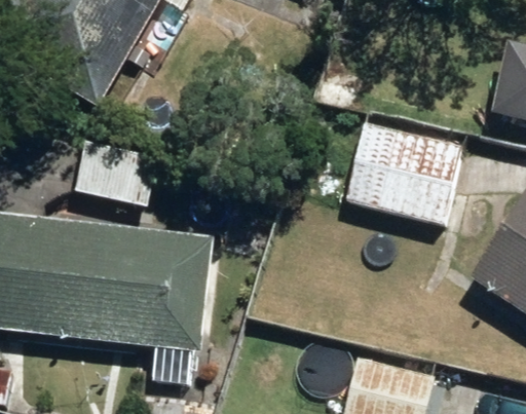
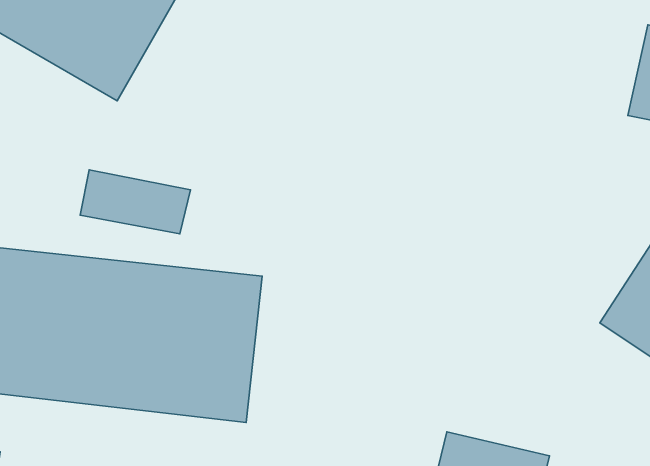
building: [345,122,463,223] -> none

